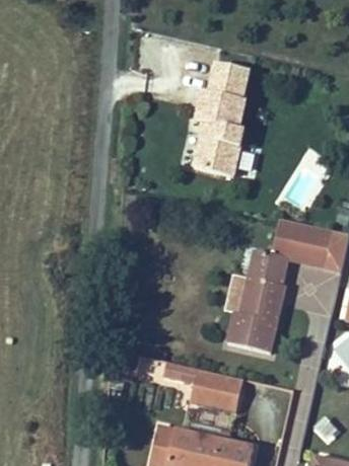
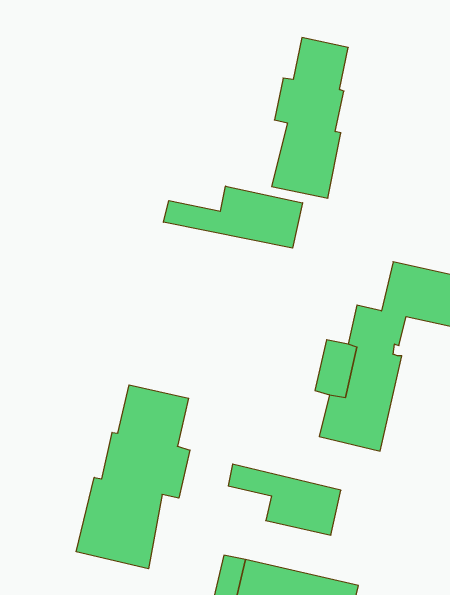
building: none -> [163,186,303,248]
building: none -> [76,385,190,569]

